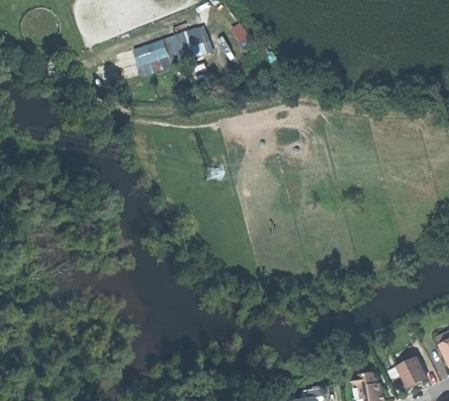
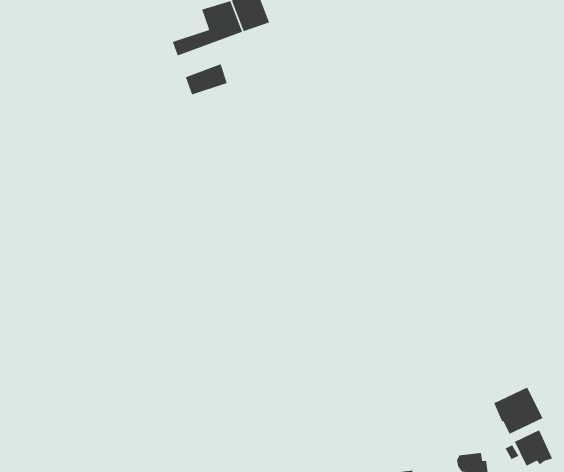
building: [134,39,167,64] -> [185,63,228,96]
building: none -> [493,387,544,435]

